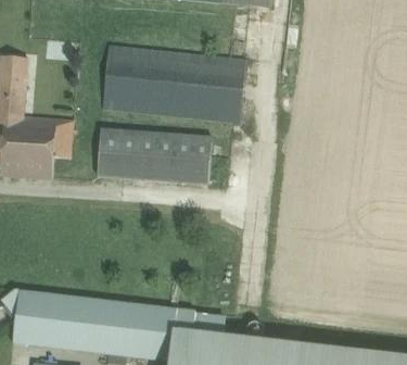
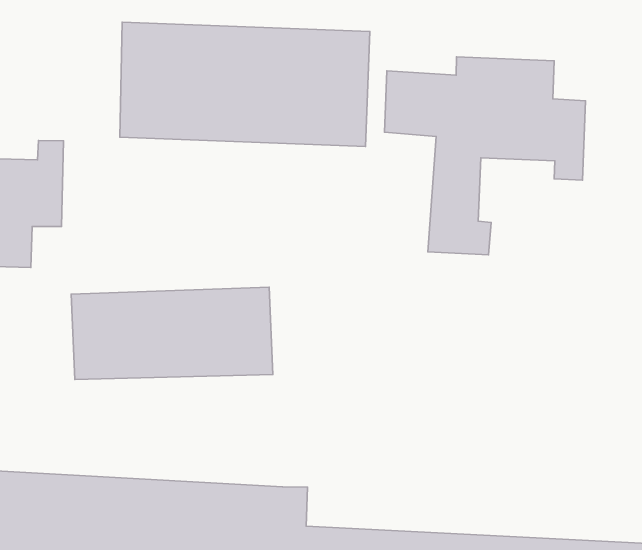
building: none -> [384,57,585,255]
building: [96,127,207,179] -> [71,287,273,379]

